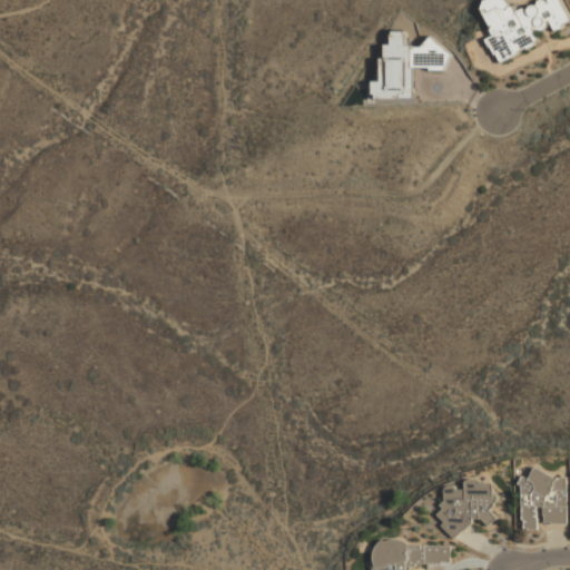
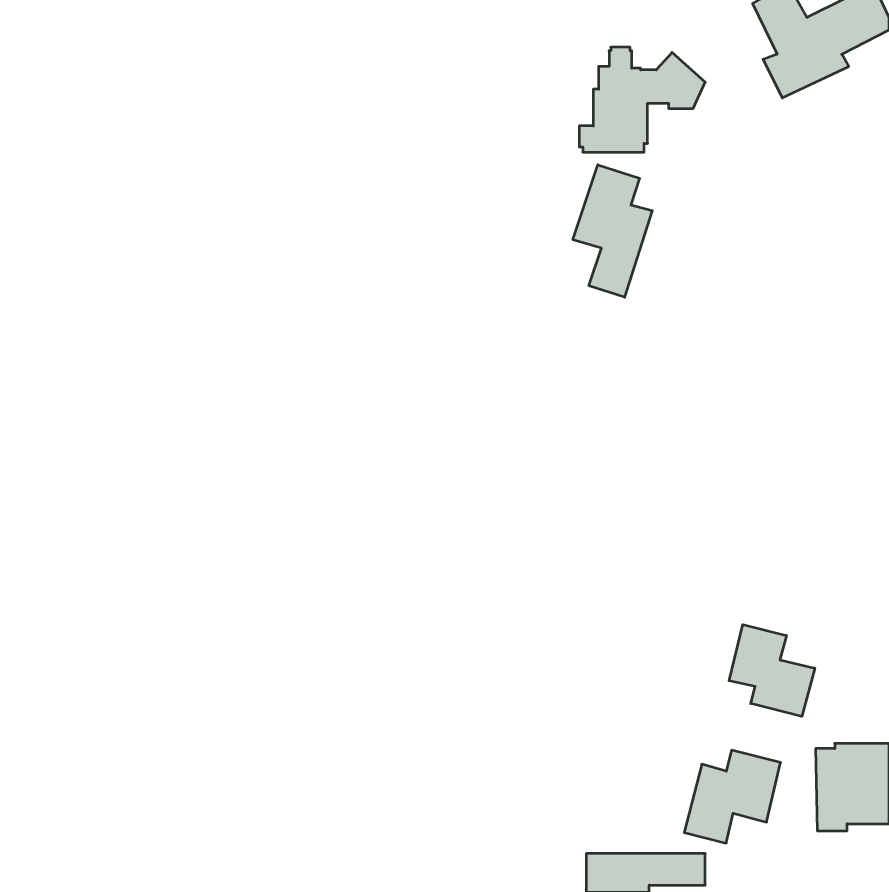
building: none -> [573,165,652,297]
building: none -> [729,625,815,716]

